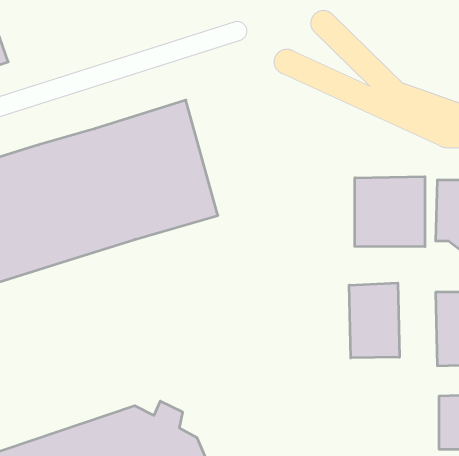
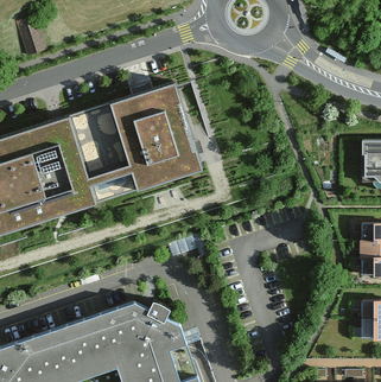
building: [355,177,425,247] -> none
building: [349,283,399,358] -> none

